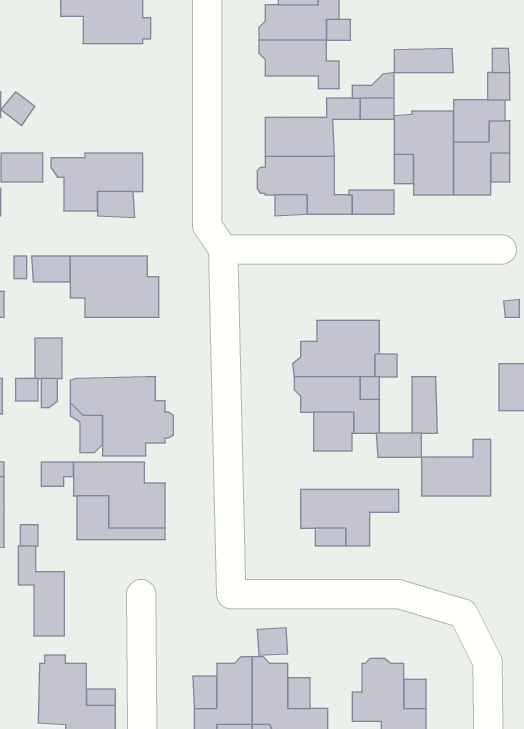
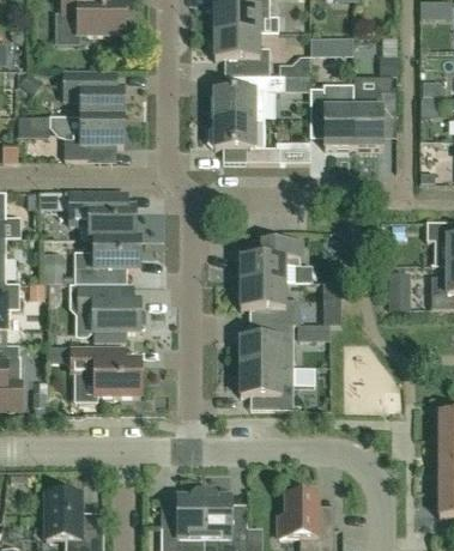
building: none -> [55,14,79,46]
building: none -> [225,59,270,90]
building: none -> [65,71,123,116]
building: none -> [74,238,140,284]
building: [421,440,491,496] -> [241,325,292,367]
building: [18,546,64,636] -> none

